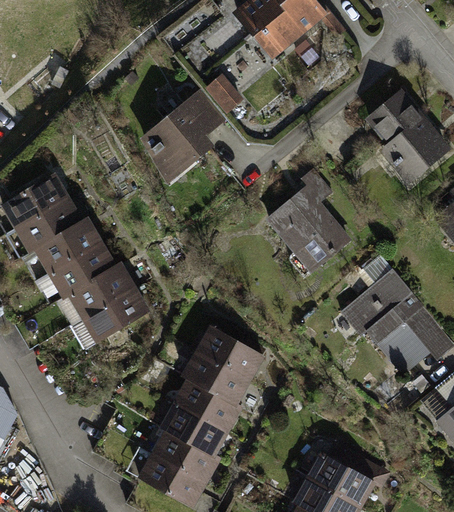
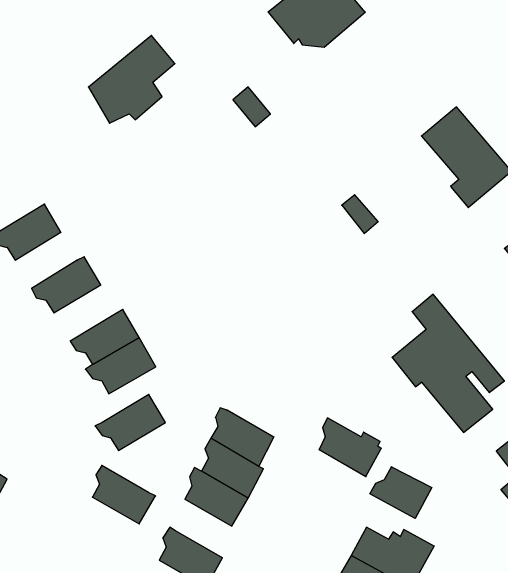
building: [146,94,220,169] -> [88,35,175,123]
building: [269,193,349,277] -> none
building: [17,201,76,249] -> none
building: [50,246,110,294] -> [95,394,165,451]
building: [204,326,257,376] -> [319,418,381,477]
building: none -> [370,467,432,518]
building: [160,429,214,479] -> [92,465,156,524]

